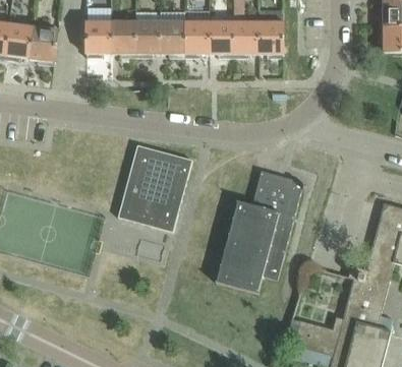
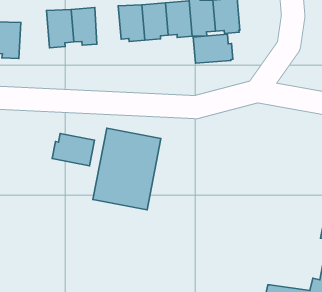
building: [134,19,160,57] -> none
building: none -> [193,34,233,63]
building: none -> [52,134,94,166]
building: [215,170,307,294] -> none

